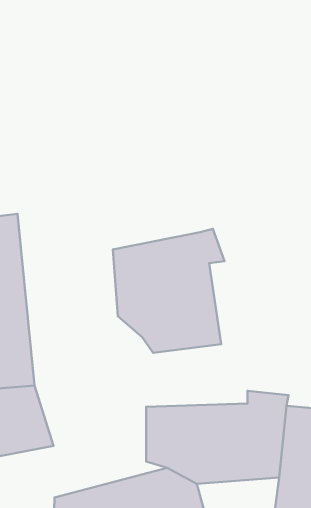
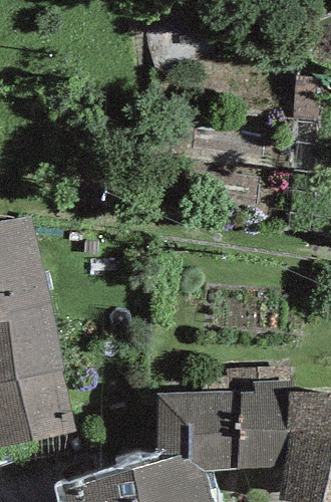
building: [113,229,225,353] -> none

